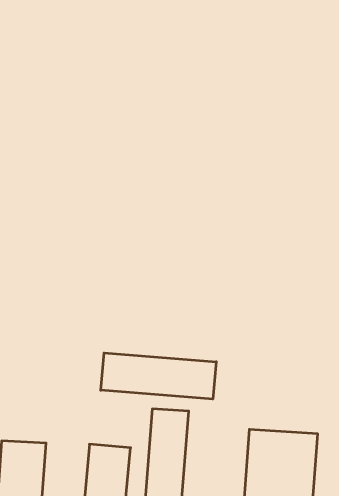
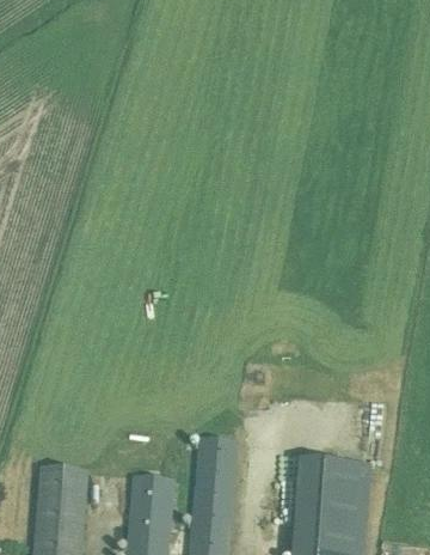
building: [101,353,216,399] -> none

